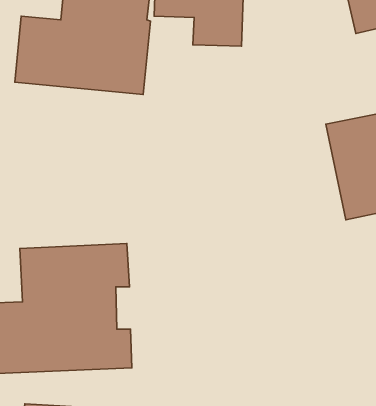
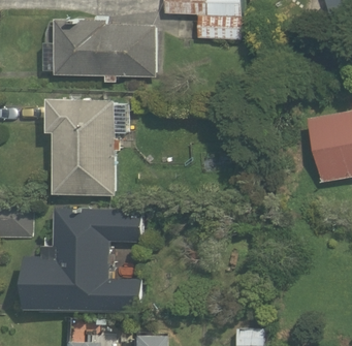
building: none -> [52,94,125,196]

